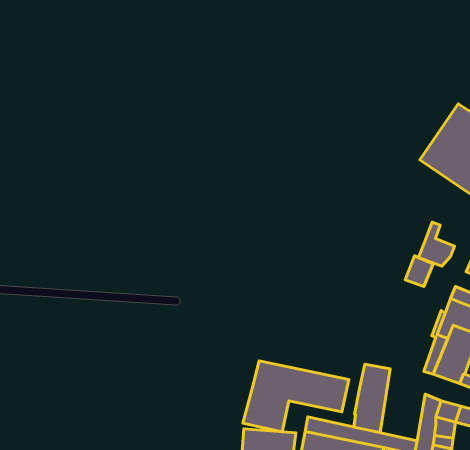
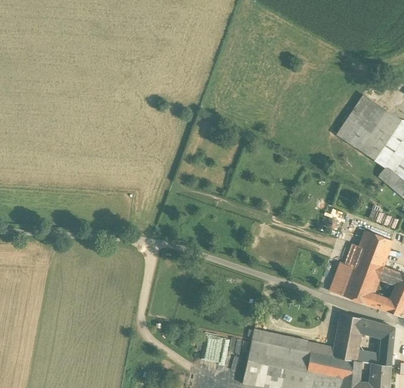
building: [418,222,455,266] -> none
building: [243,361,349,432] -> none
building: [354,364,390,432] -> none

